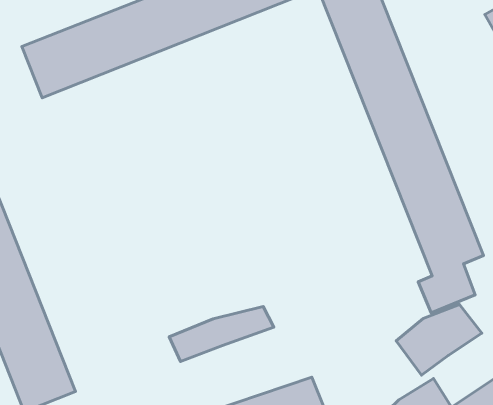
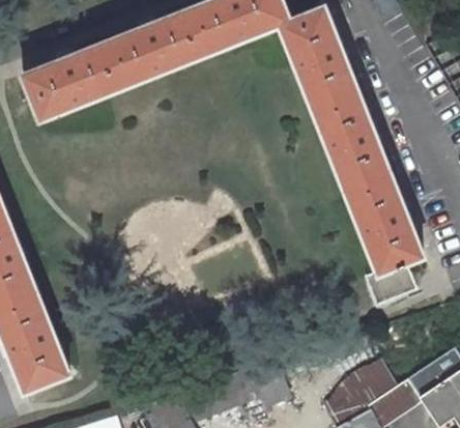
building: [396,304,482,375] -> none
building: [169,307,274,361] -> none

